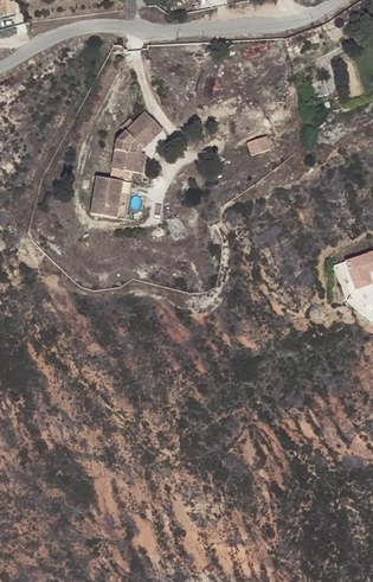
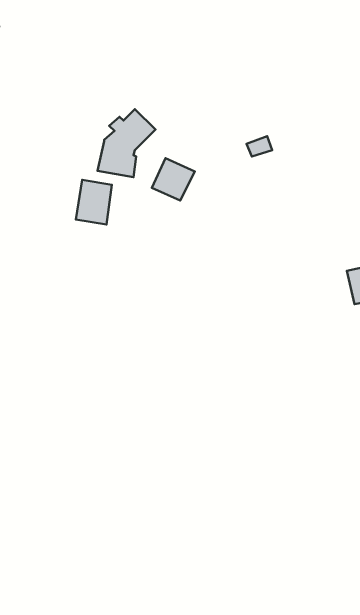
building: none -> [152,158,195,200]

